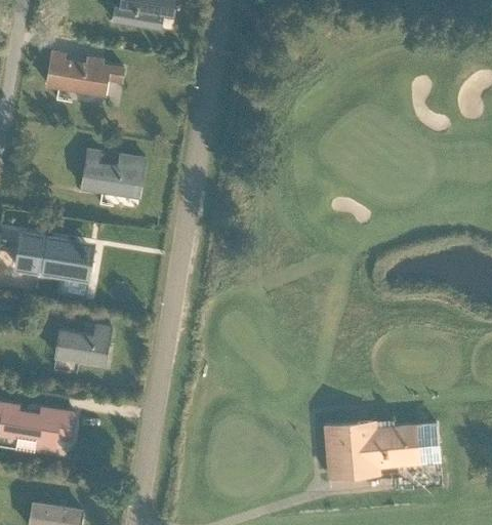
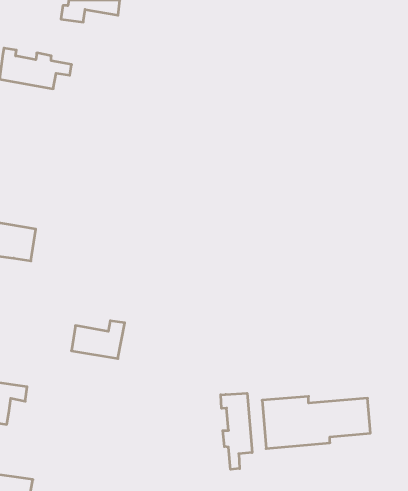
building: [82,149,146,196] -> none
building: [55,325,112,365] -> [71,321,125,359]
building: none -> [221,393,252,469]

